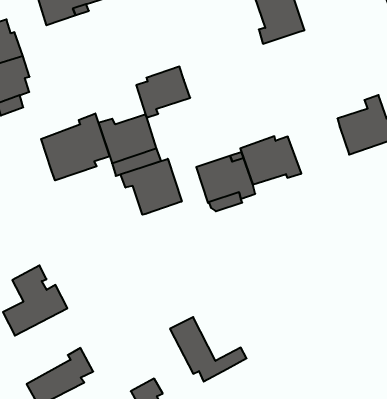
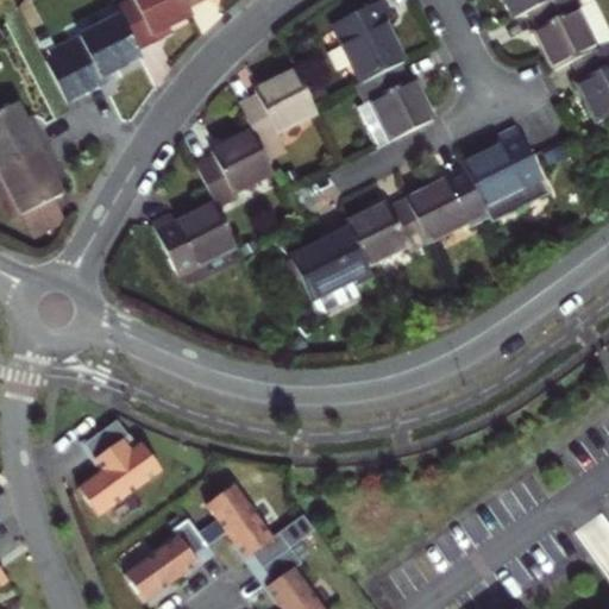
building: none -> [239,63,318,145]
building: none -> [358,59,439,136]
building: [41,113,109,180] -> none
building: none -> [409,176,498,246]
building: [121,159,182,215] -> none
building: [170,317,247,382] -> [196,484,303,567]

